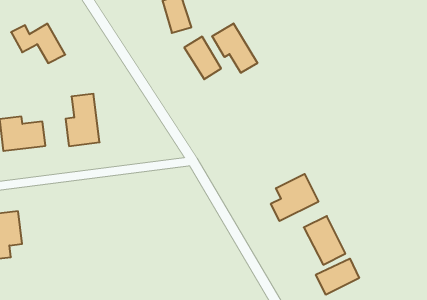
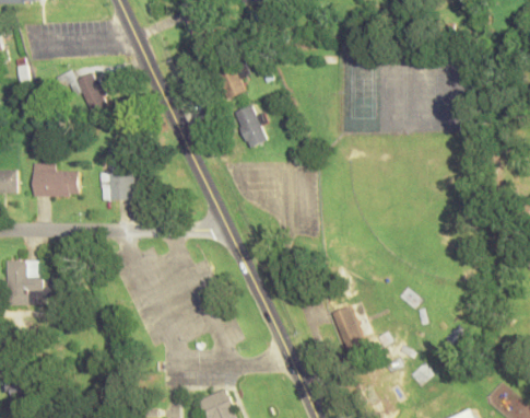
building: [212,23,257,73] -> none
building: [271,174,318,221] -> none
building: [316,259,359,295] -> none

